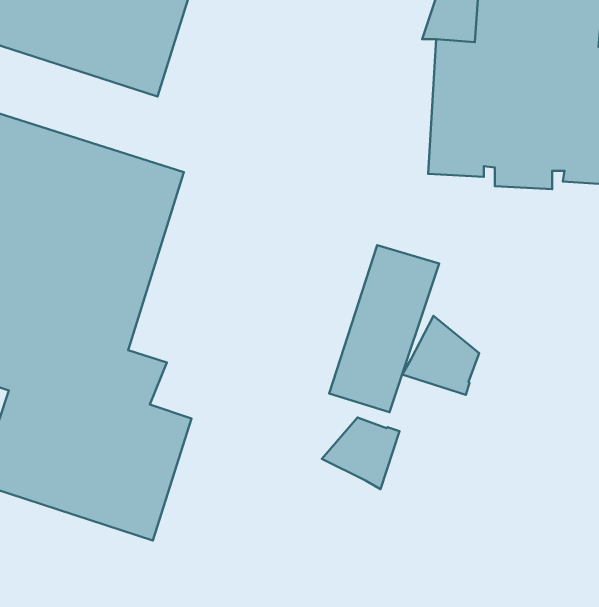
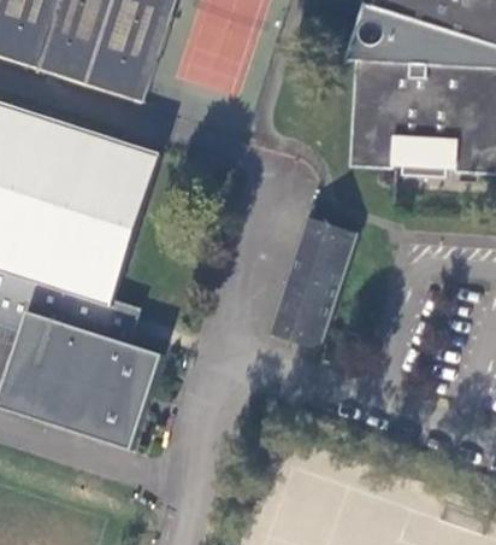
building: [402,316,479,395] -> none
building: [322,418,399,489] -> none

